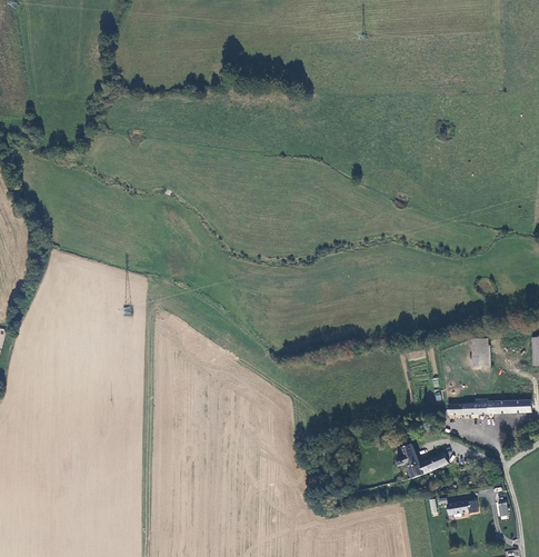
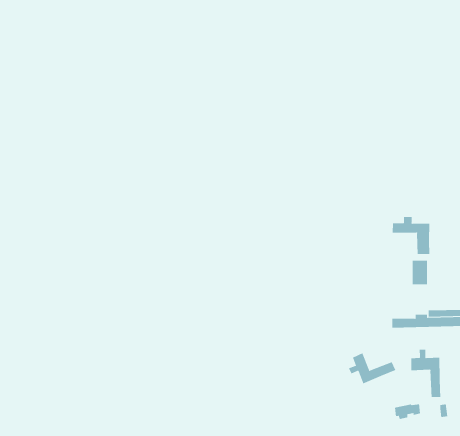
building: none -> [392,216,430,255]
building: none -> [411,349,441,398]

